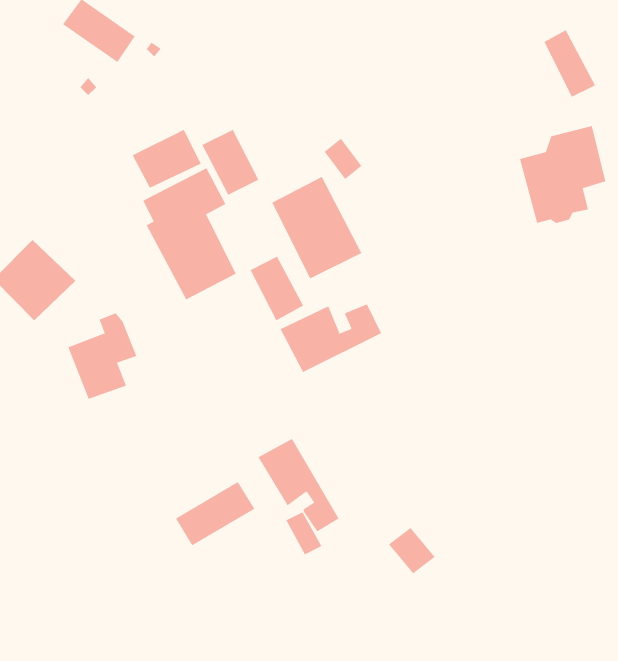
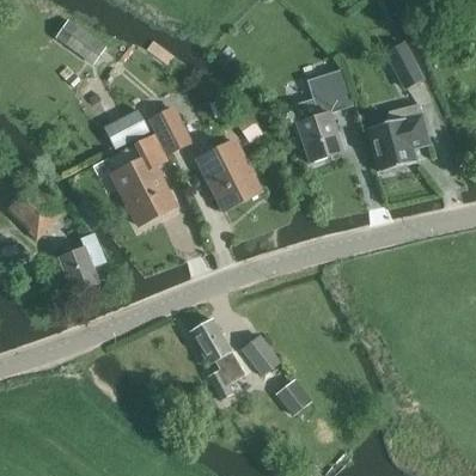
building: none -> [291,69,353,163]
building: [250,256,304,321] -> none
building: [280,303,382,373] -> none
building: none -> [240,335,280,377]
building: [175,481,255,546] -> none

